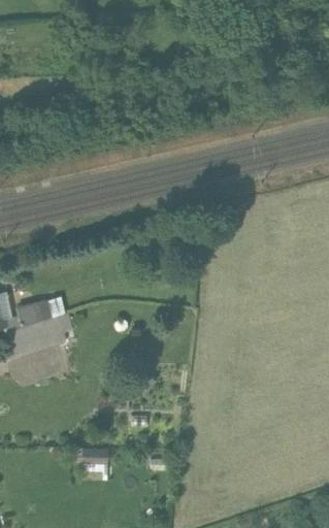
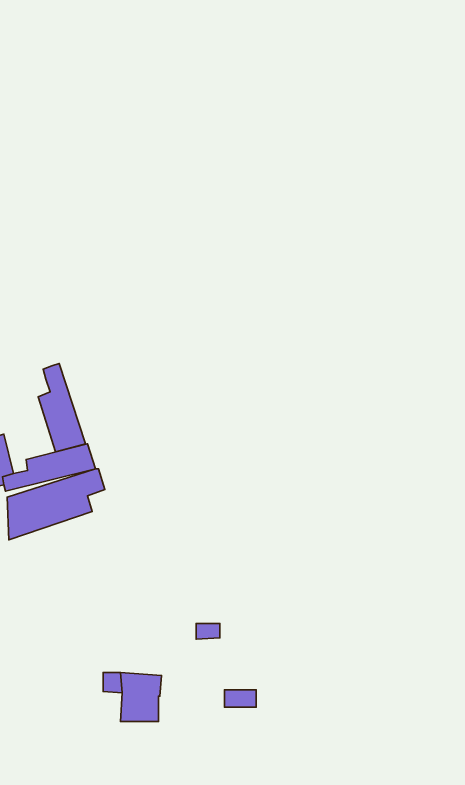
building: none -> [38,364,85,452]

